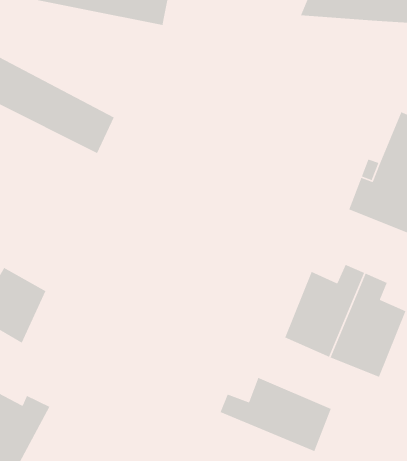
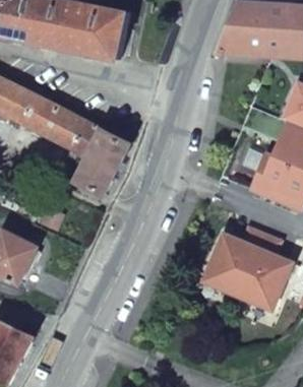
building: none -> [71,123,127,198]
building: [220,377,332,452] -> none

